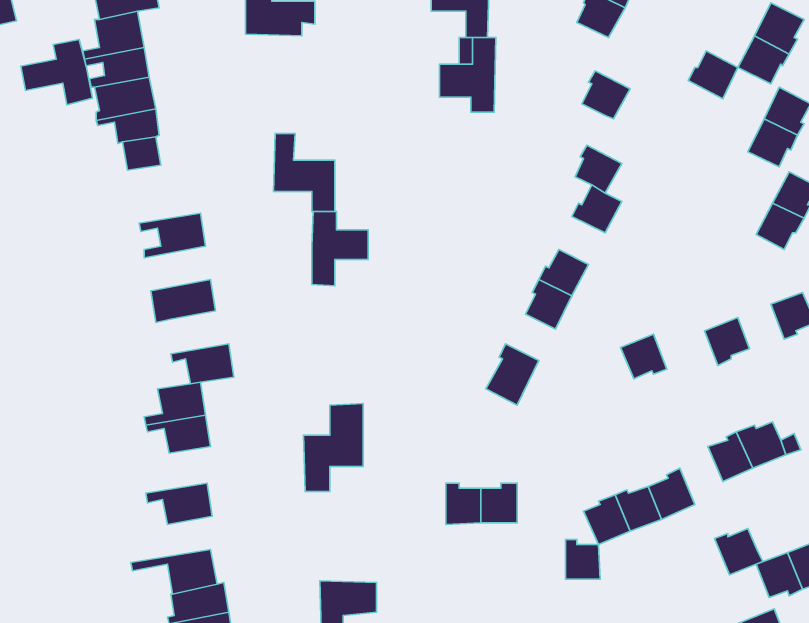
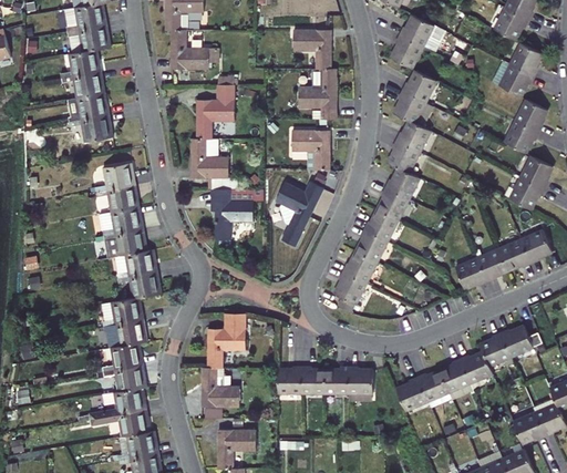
building: [21,39,93,105] -> none
building: [688,51,738,99] -> [402,71,435,103]
building: none -> [194,82,233,133]
building: none -> [396,121,431,153]
building: none -> [290,128,328,169]
building: none -> [97,164,138,193]
building: none -> [274,181,324,246]
building: none -> [378,188,409,220]
building: none -> [101,208,145,238]
building: none -> [497,247,528,277]
building: none -> [117,250,157,280]
building: none -> [342,254,375,285]
building: [620,334,667,379] -> [453,265,484,295]
building: none -> [102,343,143,373]
building: none -> [278,367,302,394]
building: none -> [202,372,241,412]
building: none -> [91,390,145,420]
building: [715,528,763,575] -> [458,350,491,381]
building: [565,539,600,579] -> [350,367,373,393]

